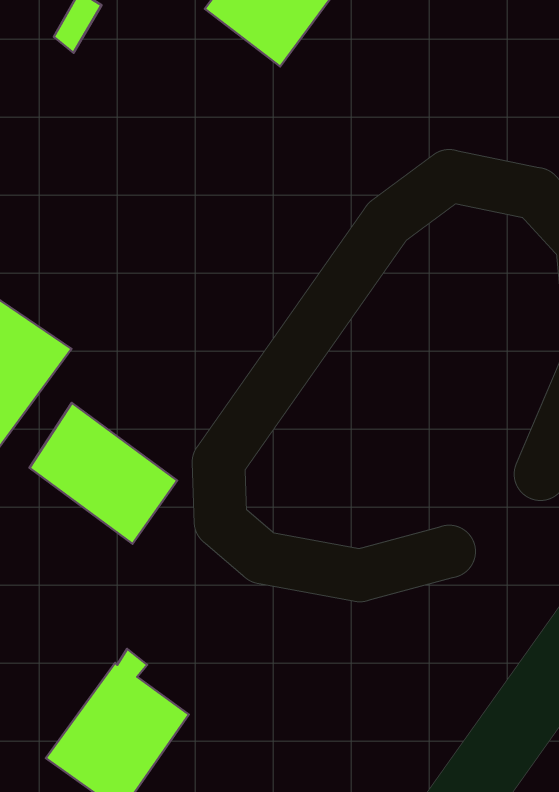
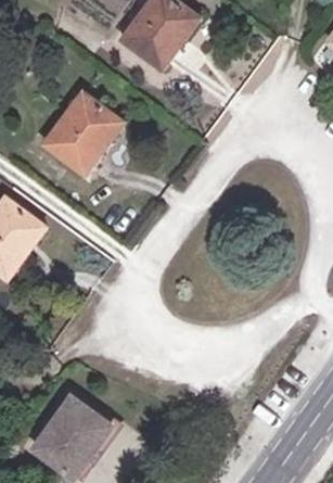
building: none -> [43,91,124,175]
building: [29,403,177,544] -> none

